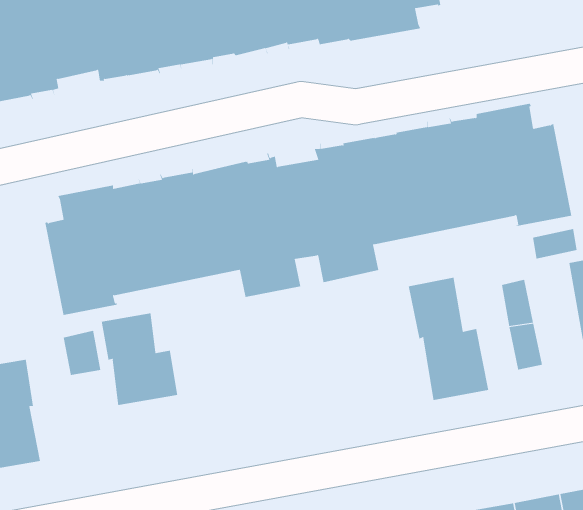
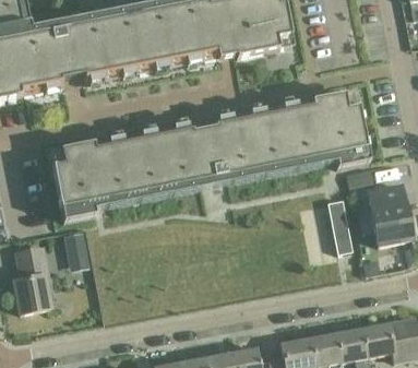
building: [408,277,489,401] -> none
building: [101,313,178,406] -> none

